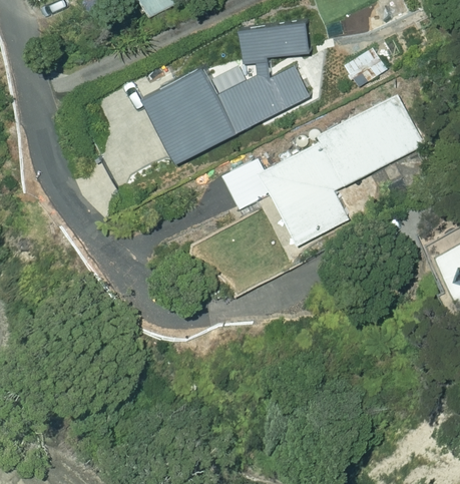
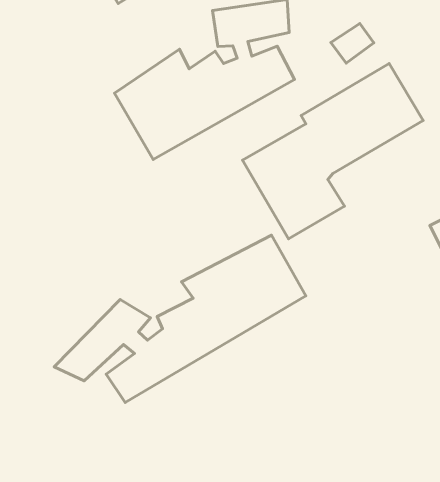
building: none -> [54,235,306,402]

